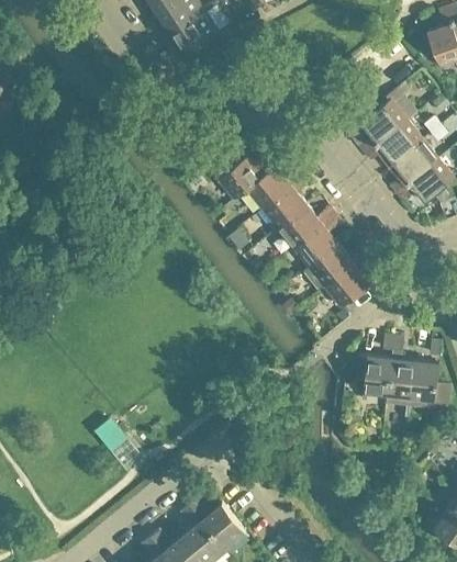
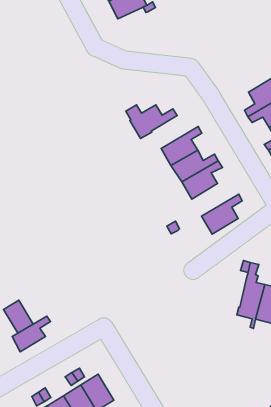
building: [246,165,304,209] -> none
building: [303,243,367,291] -> none
building: [349,355,391,401] -> none
building: none -> [12,316,50,352]

